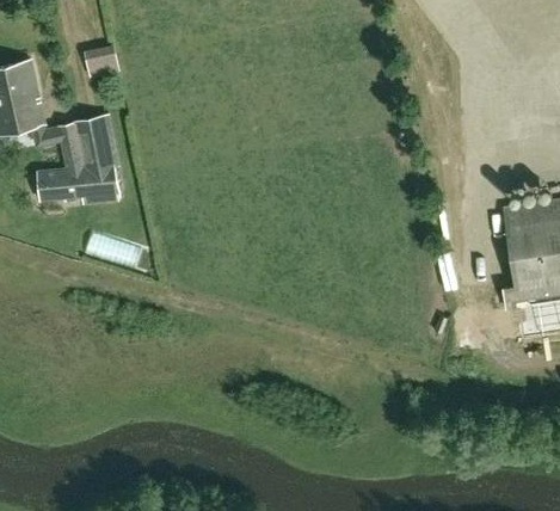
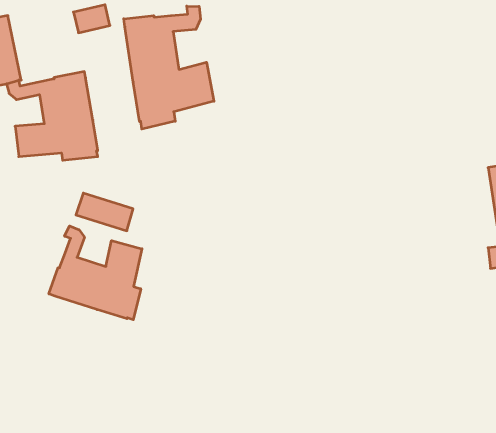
building: none -> [124,6,214,129]
building: none -> [49,226,142,320]

